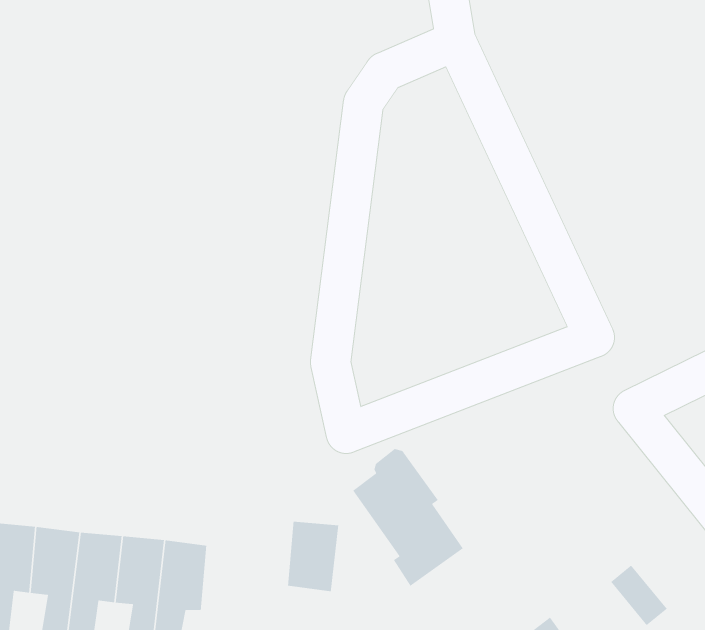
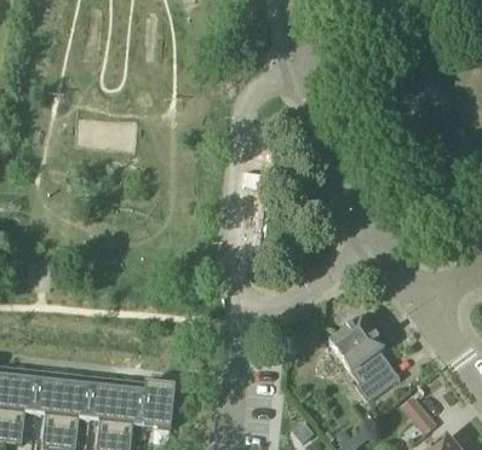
building: [352,448,464,587] -> [329,315,400,402]
building: [287,521,339,592] -> [143,382,176,427]

